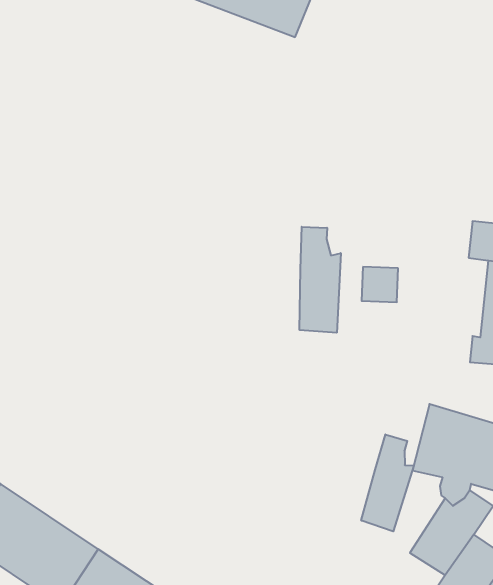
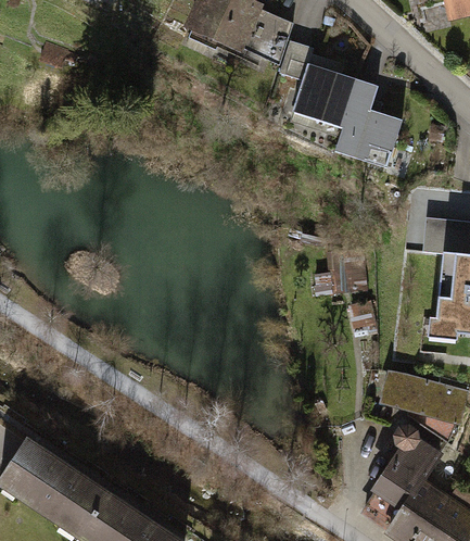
building: none -> [289,64,395,164]
building: [300,227,341,333] -> none
building: [361,434,414,531] -> none

